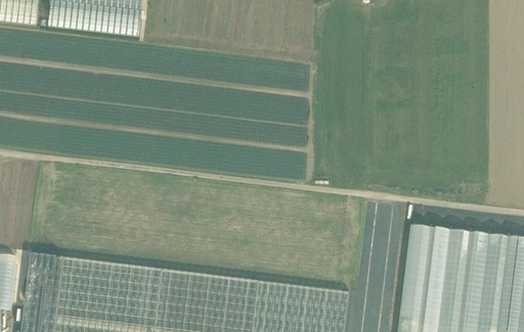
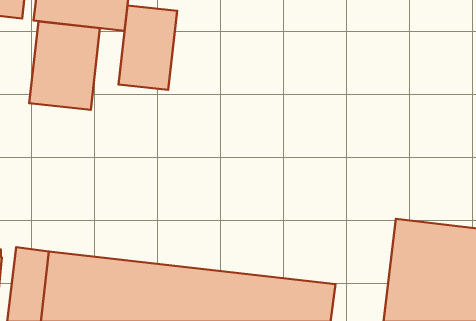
building: none -> [118,5,177,90]
building: none -> [29,21,100,110]

